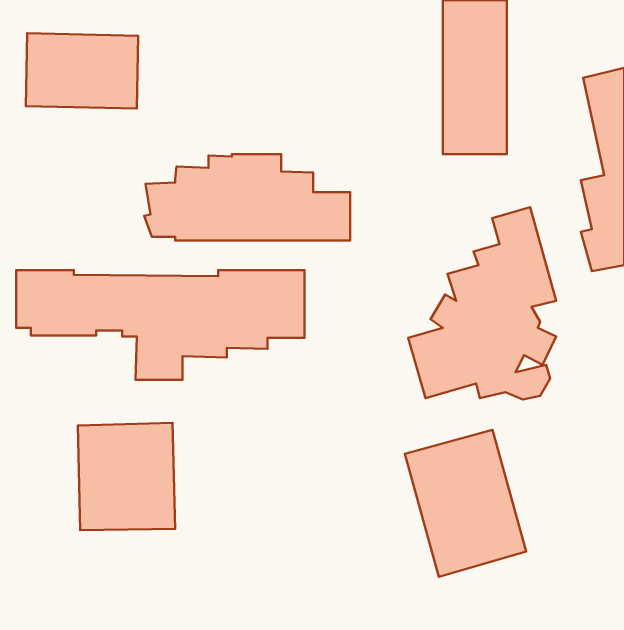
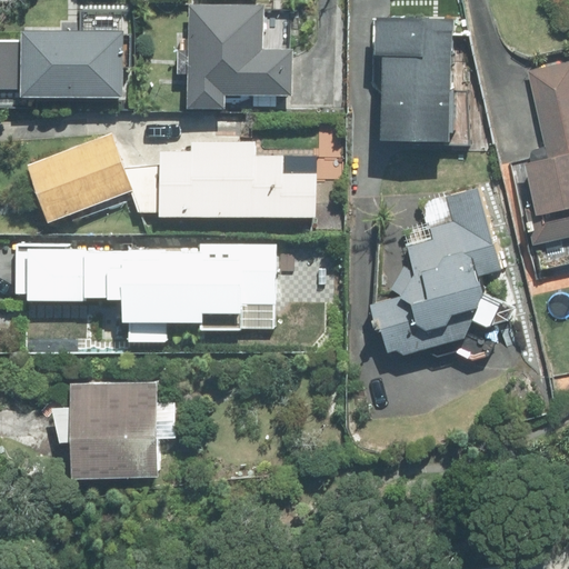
building: none -> [187,6,292,108]
building: none -> [26,133,131,223]
building: [405,430,526,577] -> none

